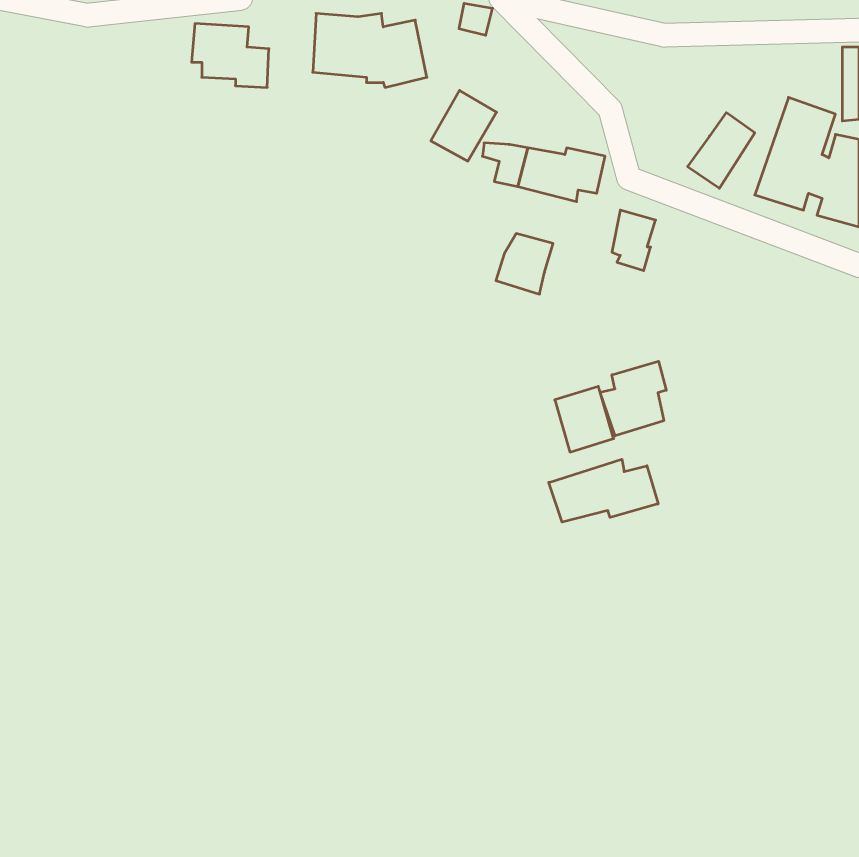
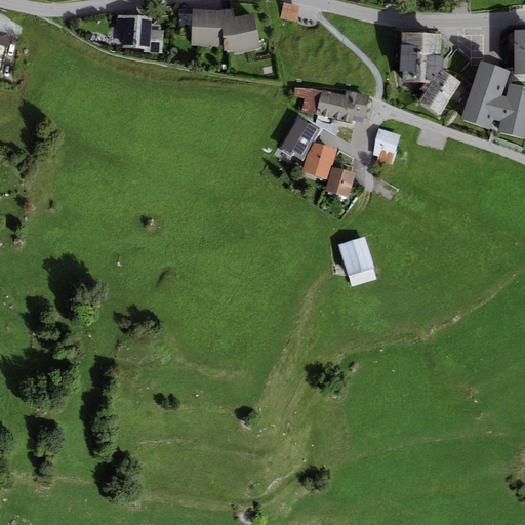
building: none -> [400,31,443,83]
building: [431,90,497,161] -> [280,117,320,160]
building: none -> [326,166,355,197]
building: [600,361,666,436] -> none
building: [549,459,658,522] -> none

